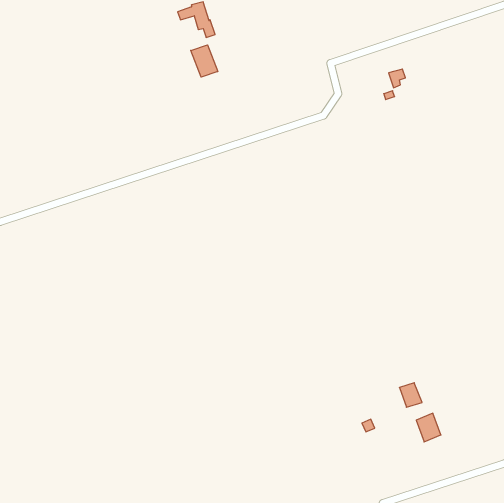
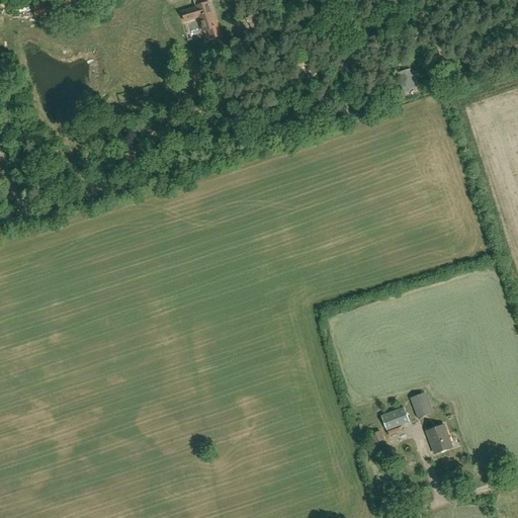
building: [191,45,218,77] -> none
building: none -> [381,408,410,432]

